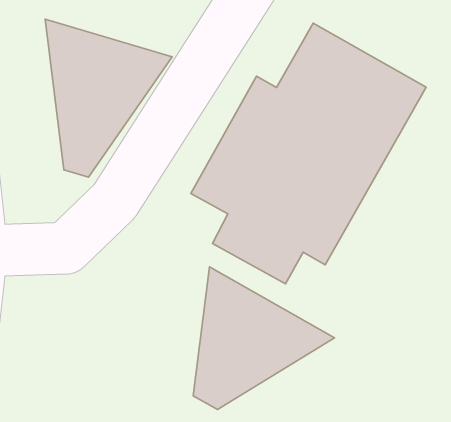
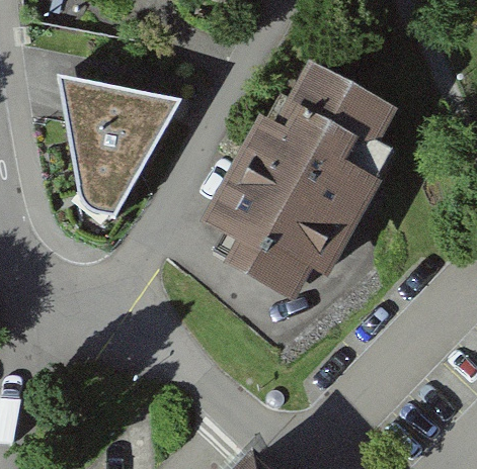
building: [193,267,335,410] -> none

